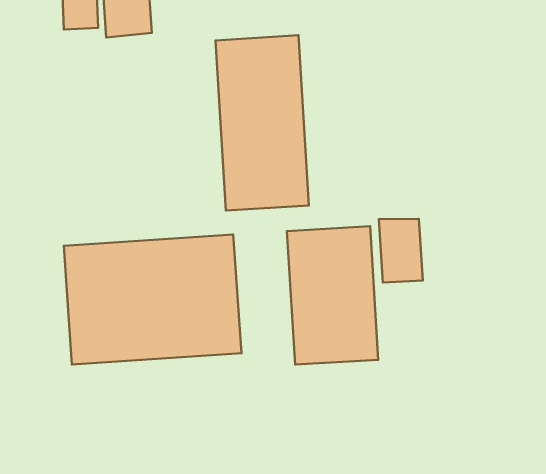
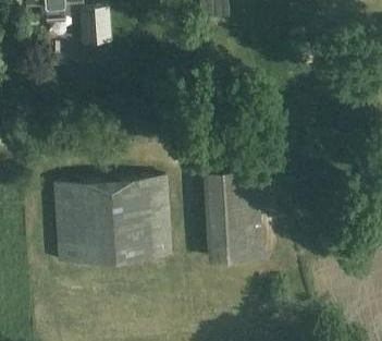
building: [215,35,309,211] -> none
building: [379,219,423,283] -> none

